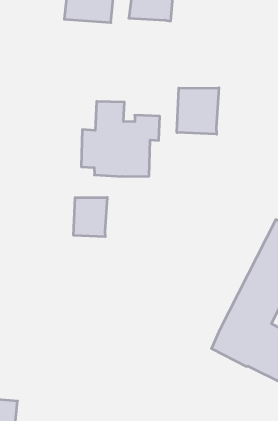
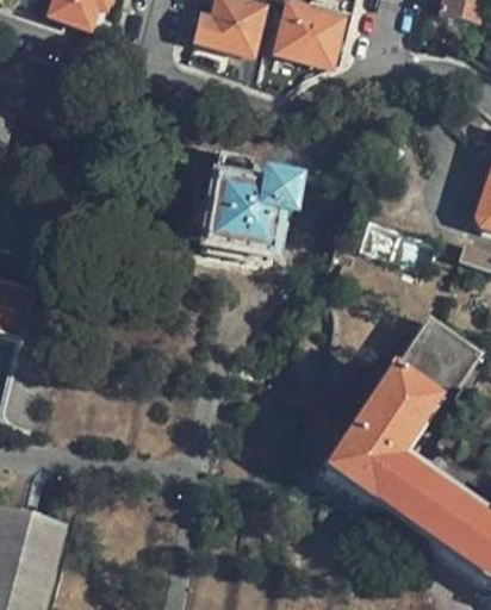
building: [177,88,219,134] -> none
building: [74,197,107,237] -> none

